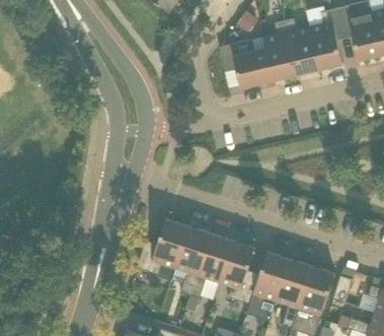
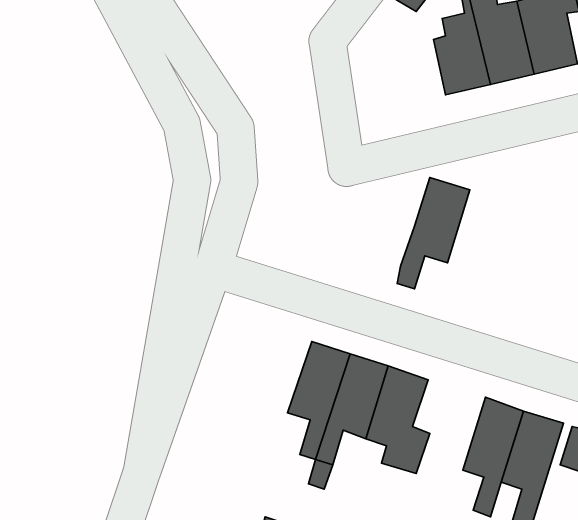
building: [220,42,266,88] -> none
building: [137,219,188,275] -> none
building: [247,252,290,317] -> [397,178,470,289]

